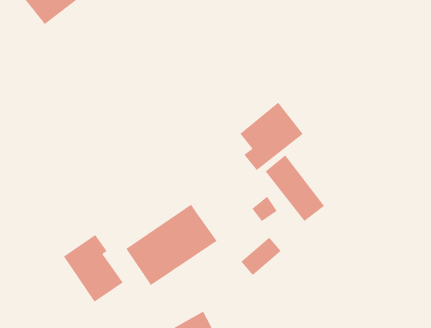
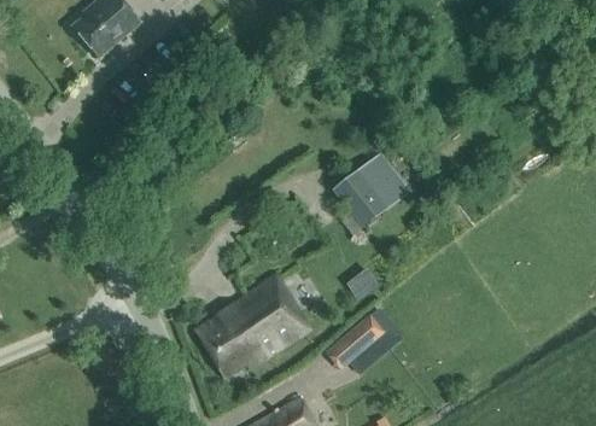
building: [265,154,325,222] -> none
building: [63,234,123,302] -> none

